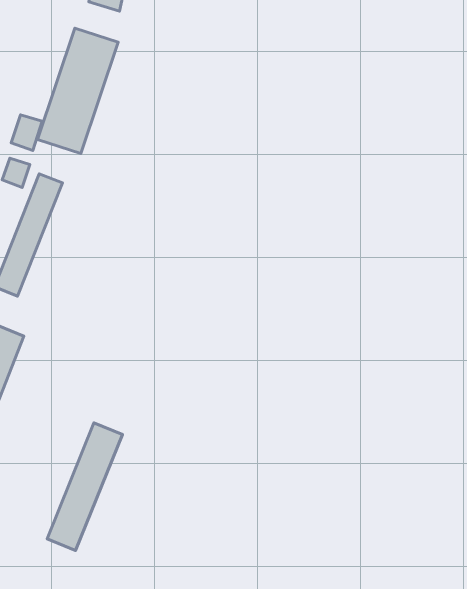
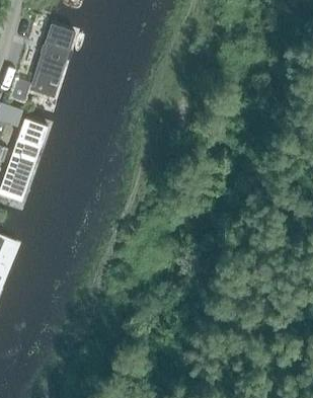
building: [47,423,122,550] -> none

